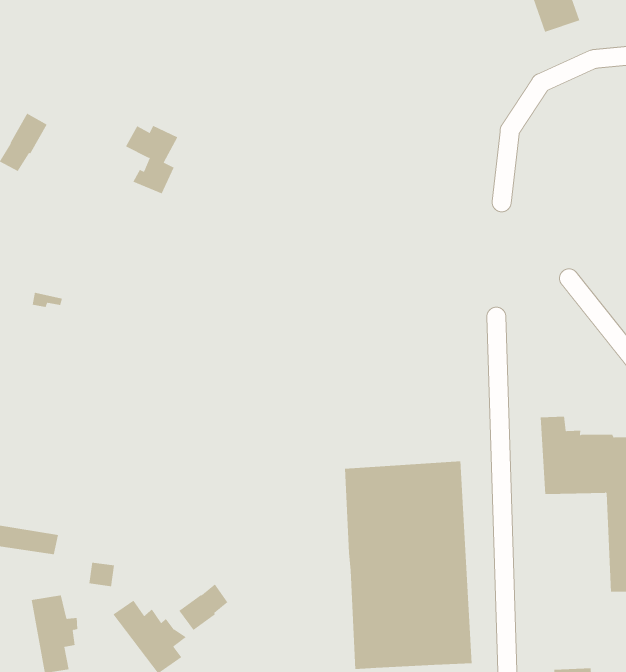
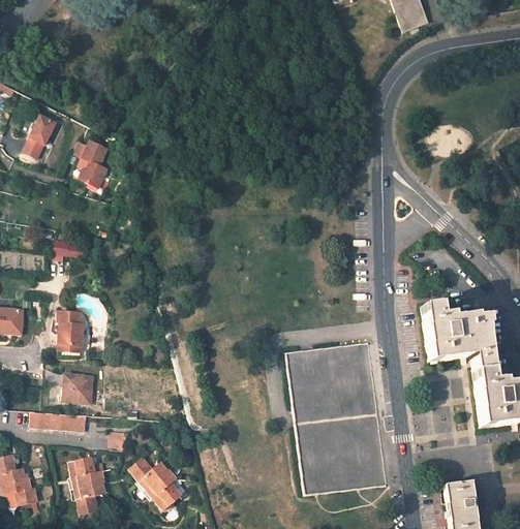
building: [125,125,178,194] -> [71,139,109,188]
building: none -> [55,311,82,352]
building: none -> [61,374,90,403]
building: [179,583,228,631] -> none

